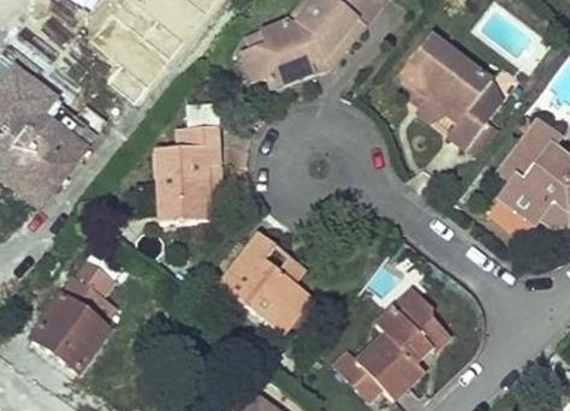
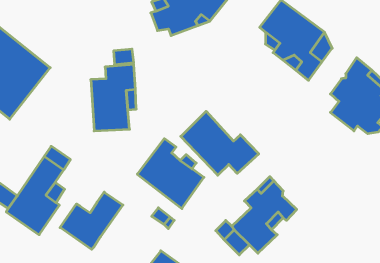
building: none -> [181,111,259,175]
building: none -> [60,192,123,249]

